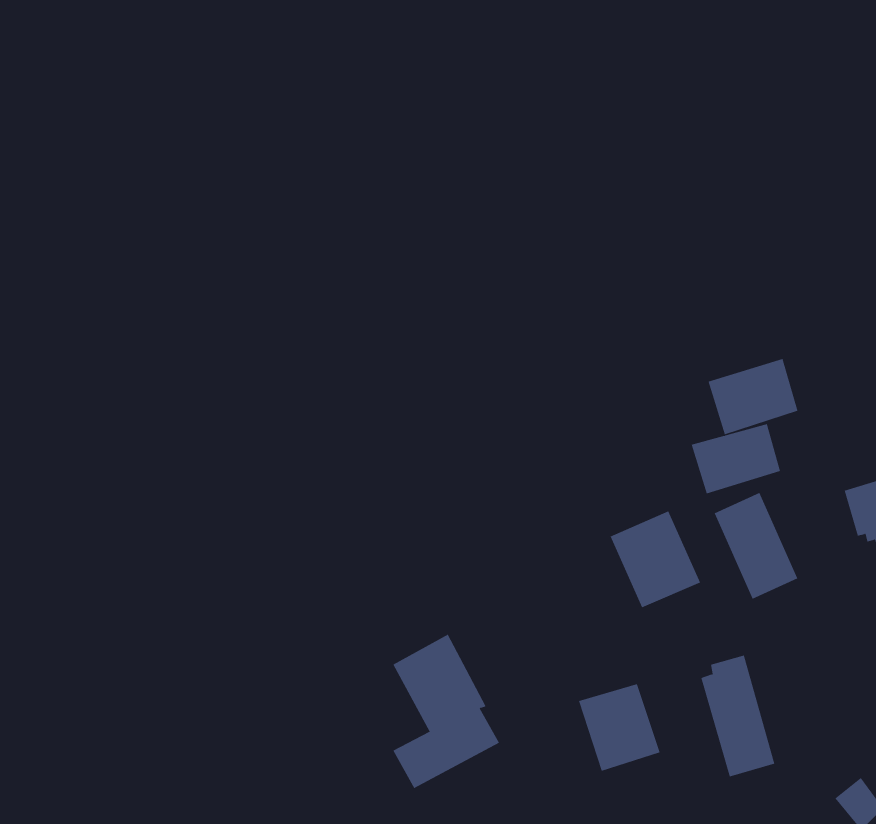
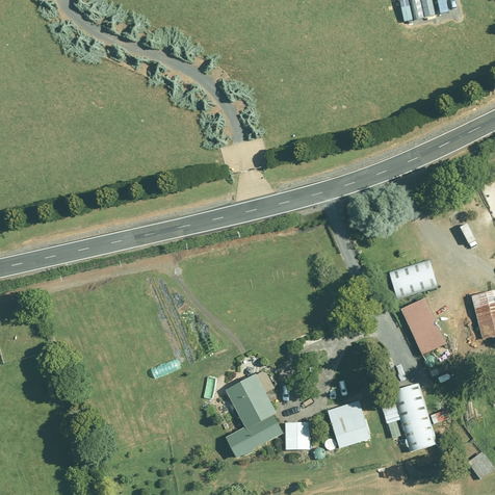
building: [708,358,798,435] -> none
building: [610,511,701,608] -> none
building: none -> [285,421,310,449]

